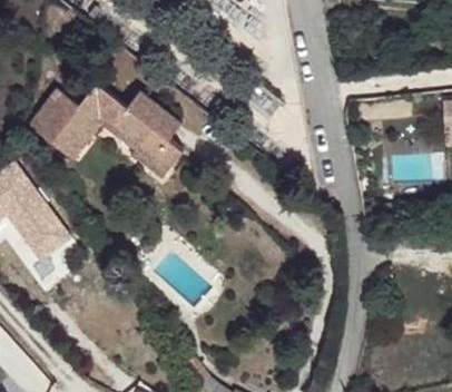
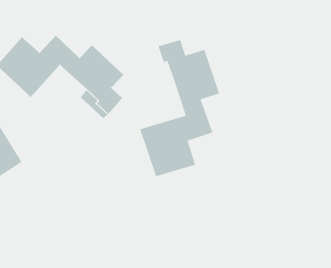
building: none -> [139,39,220,177]

